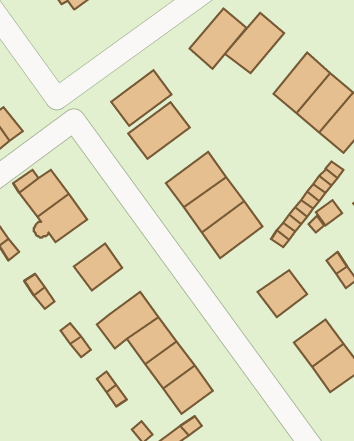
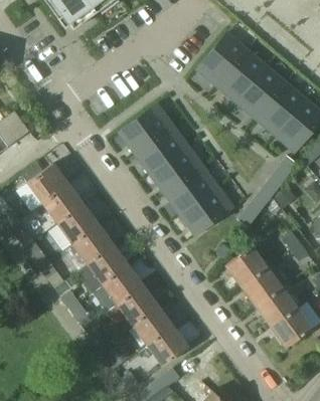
building: [190,8,246,69] -> [219,49,267,99]
building: [111,70,172,126] -> [134,128,184,174]
building: none -> [57,204,99,243]
building: none -> [76,244,128,291]
building: none -> [242,266,282,307]

